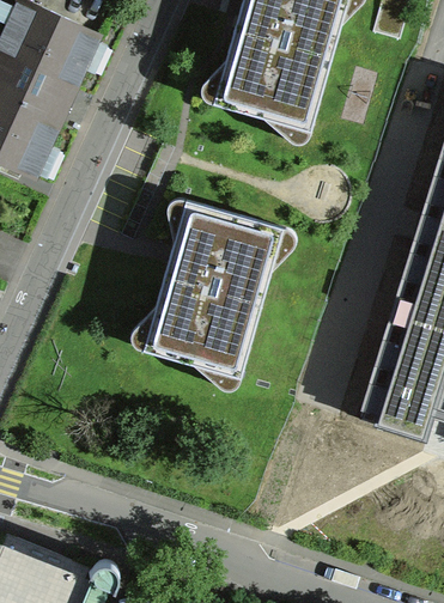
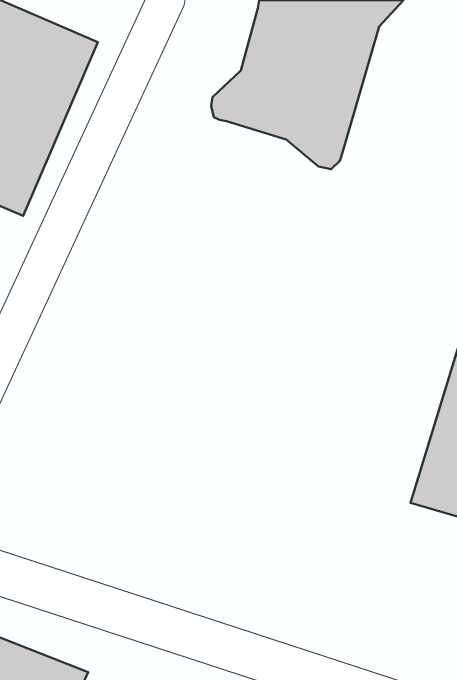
building: [128,196,294,389] -> none

